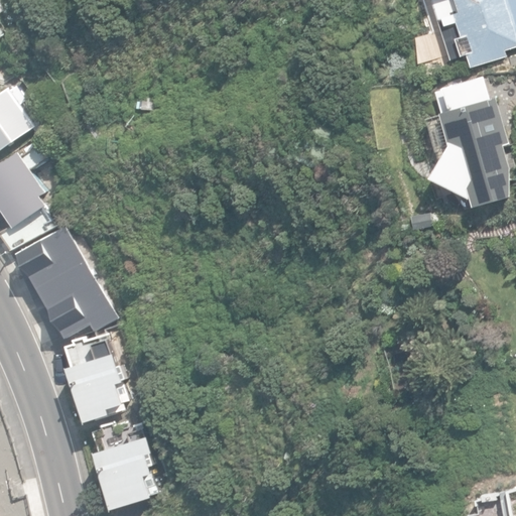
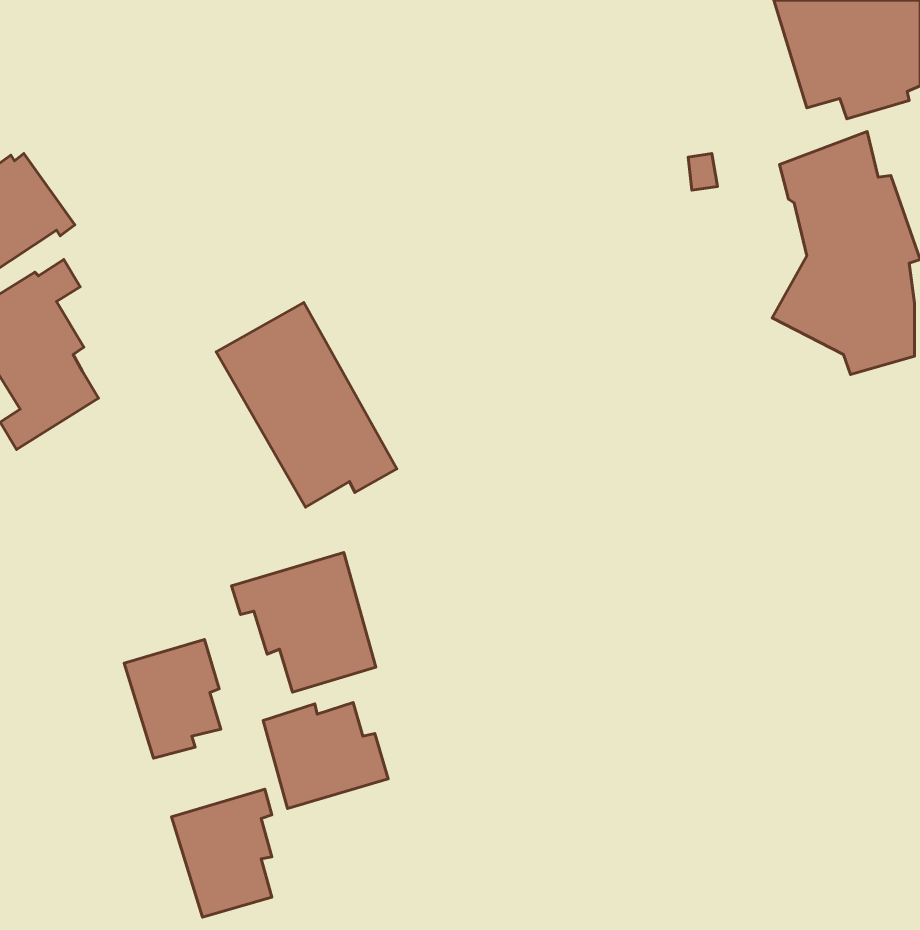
building: [15,227,115,340] -> [216,303,397,507]
building: none -> [232,552,376,692]
building: none -> [263,702,388,808]

